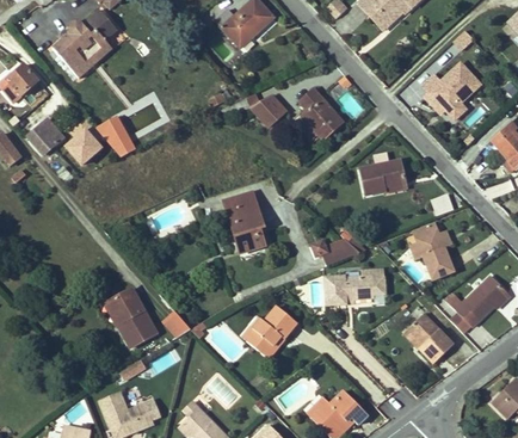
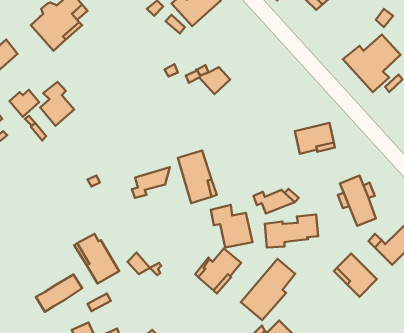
building: [295,91,341,141] -> none
building: [97,112,137,159] -> none
building: none -> [132,167,170,198]
building: none -> [211,205,253,247]
building: none -> [241,259,295,320]
building: none -> [36,274,82,312]

